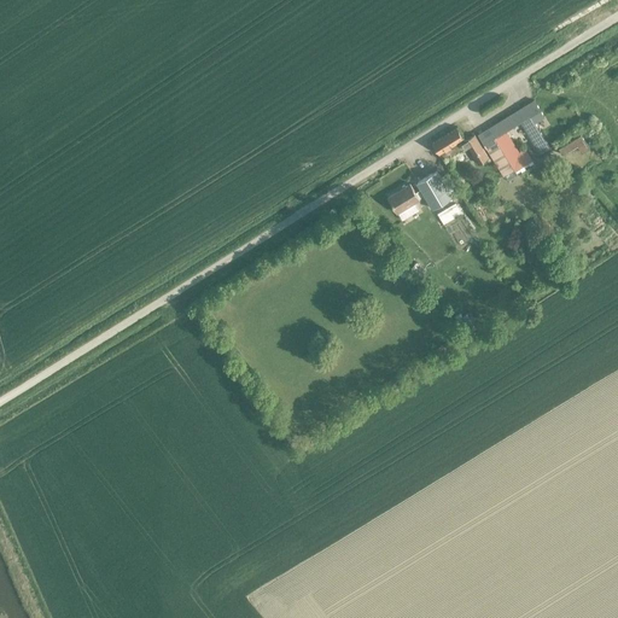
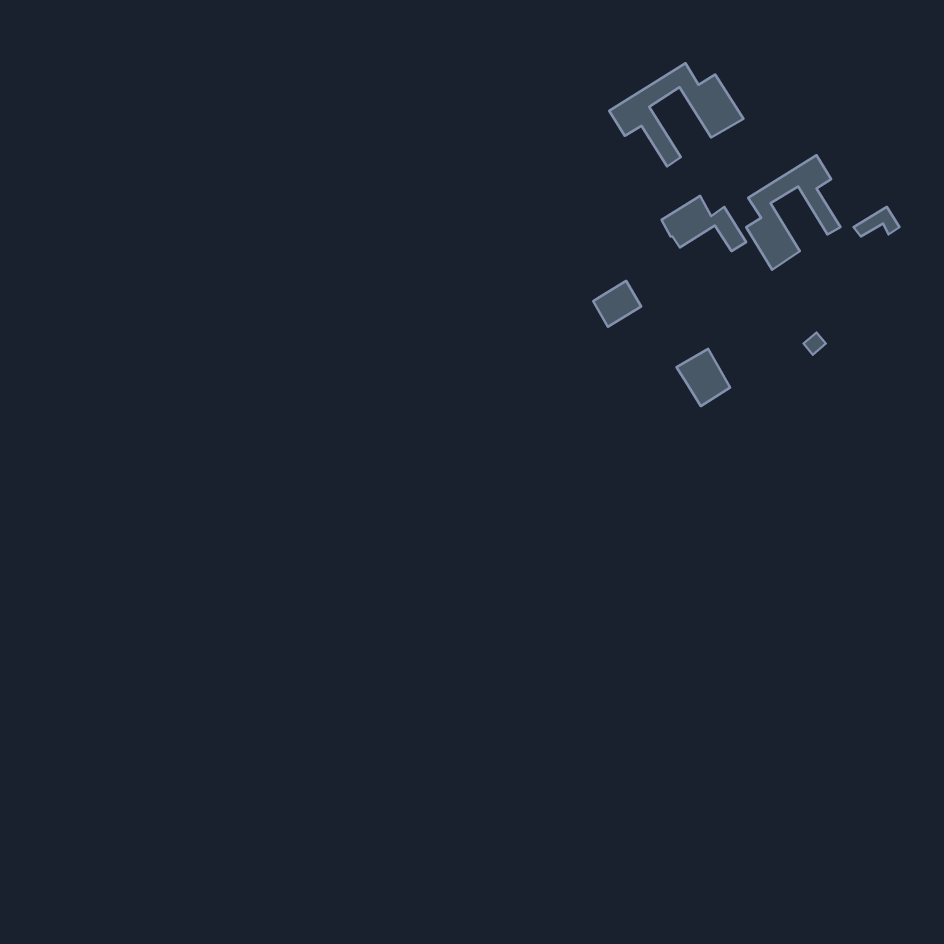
building: none -> [609,63,743,166]
building: [416,171,451,209] -> [677,349,730,406]

